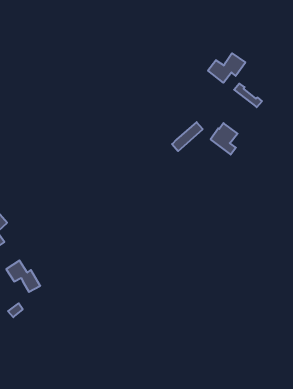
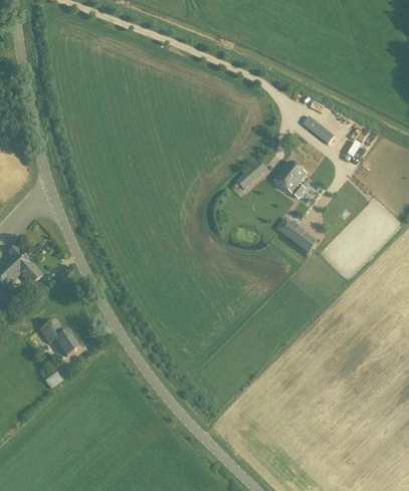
building: [208,53,245,83] -> none
building: none -> [275,216,317,252]

